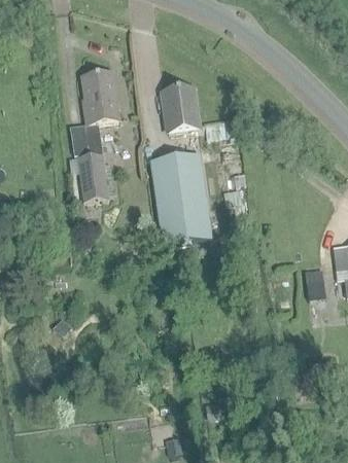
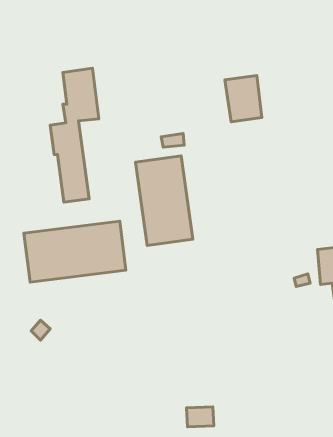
building: [163,84,199,130] -> [225,75,262,122]
building: none -> [24,221,126,282]

